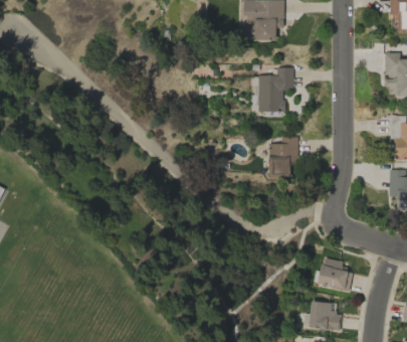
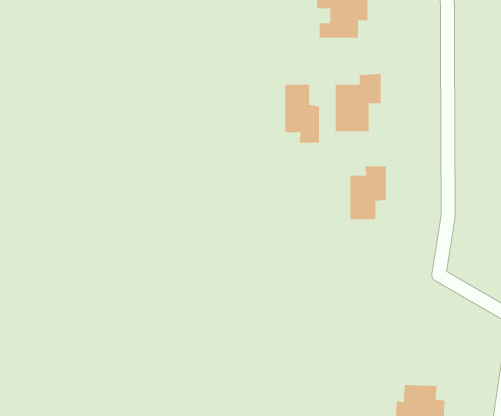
building: none -> [285,84,320,143]
building: [317,256,354,292] -> none

